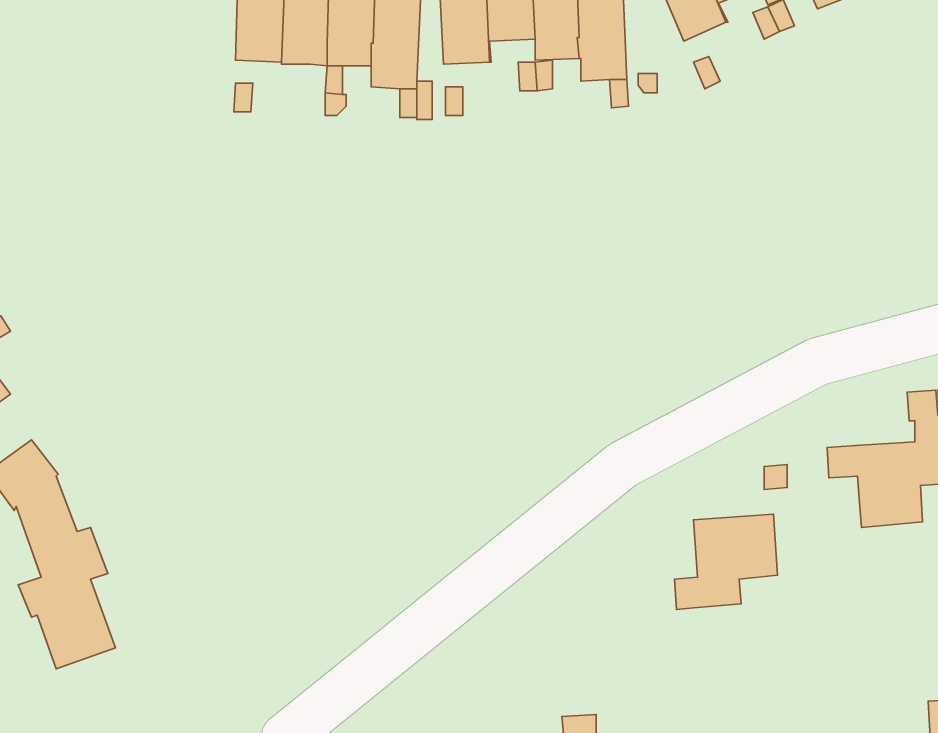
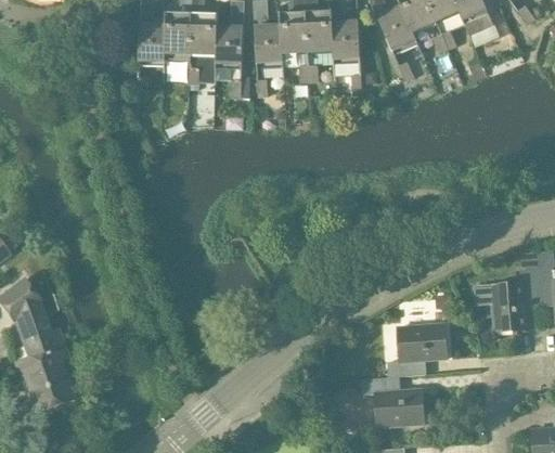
building: none -> [362,375,425,426]

